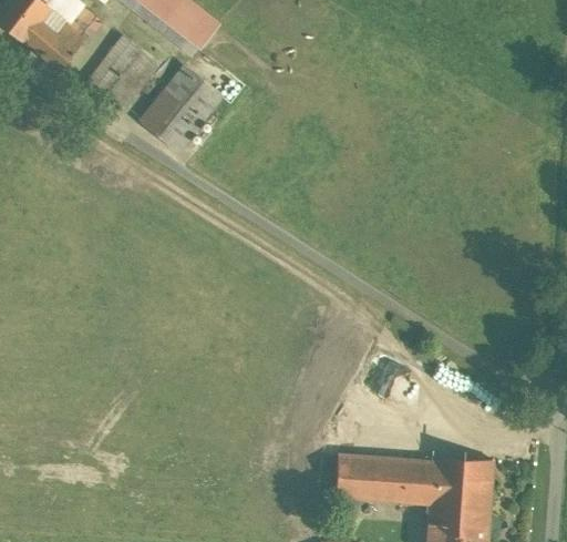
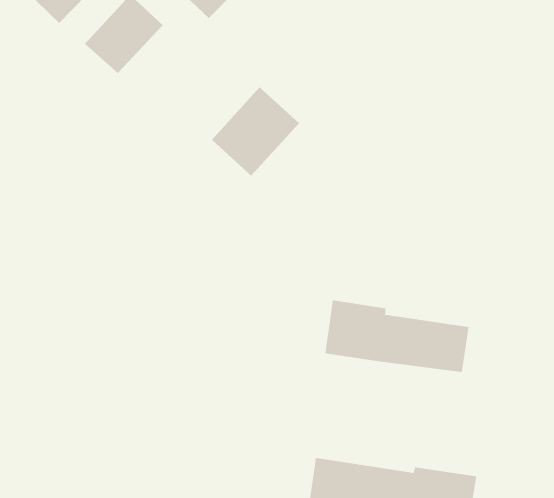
building: [141,65,223,151] -> [211,86,300,176]
building: none -> [325,300,469,373]

